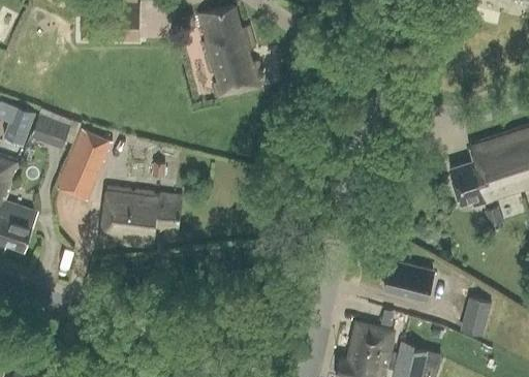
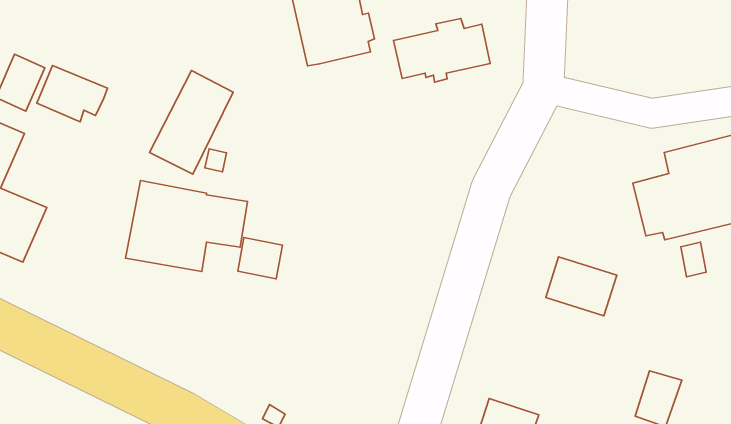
building: none -> [394,19,490,82]
building: [54,129,110,201] -> [149,70,233,174]
building: none -> [238,238,282,279]
building: [383,260,432,300] -> [546,257,617,316]

